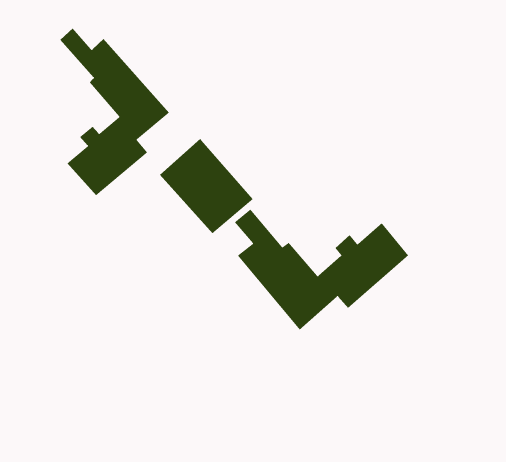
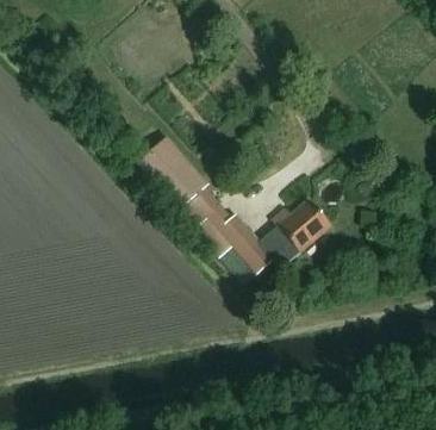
building: [59,28,170,196] -> none

